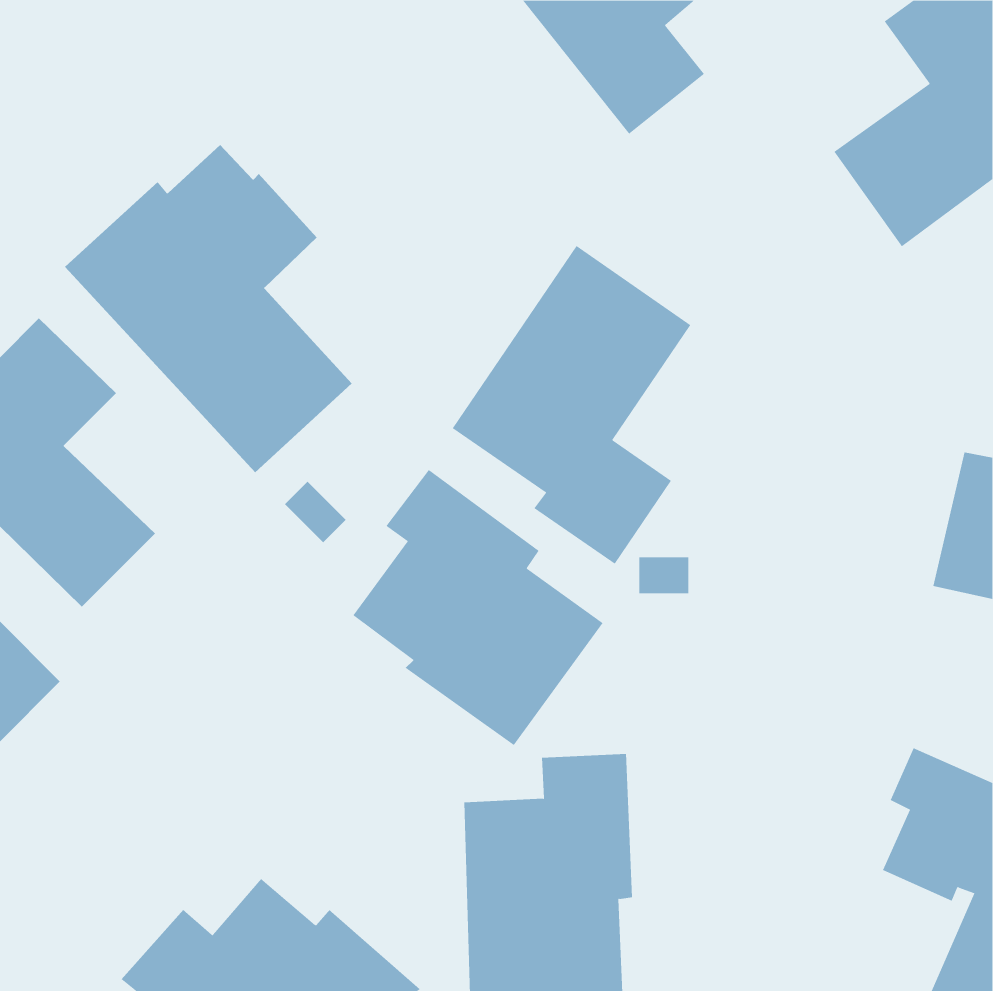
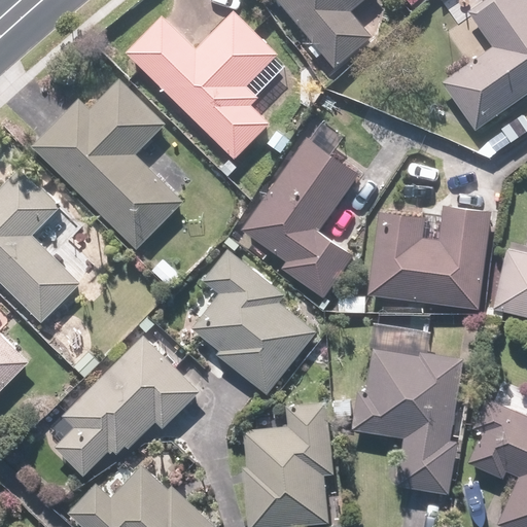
building: none -> [126,8,280,164]
building: none -> [367,205,495,311]
building: none -> [351,327,460,494]
building: none -> [49,336,203,479]

